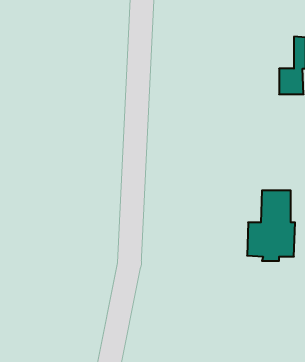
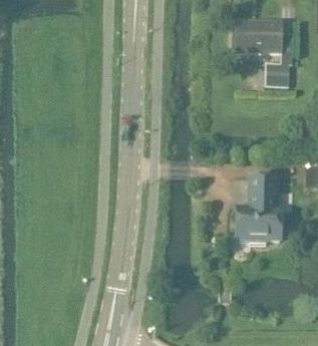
building: none -> [234,26,278,57]

